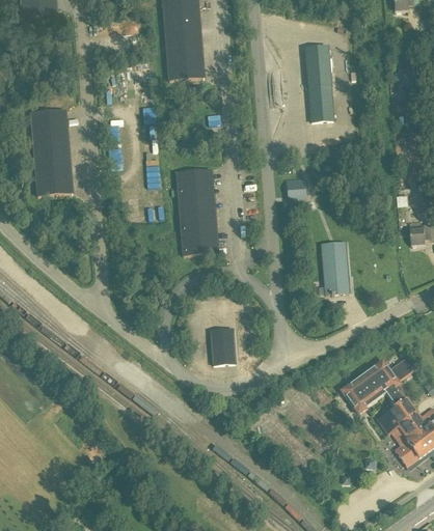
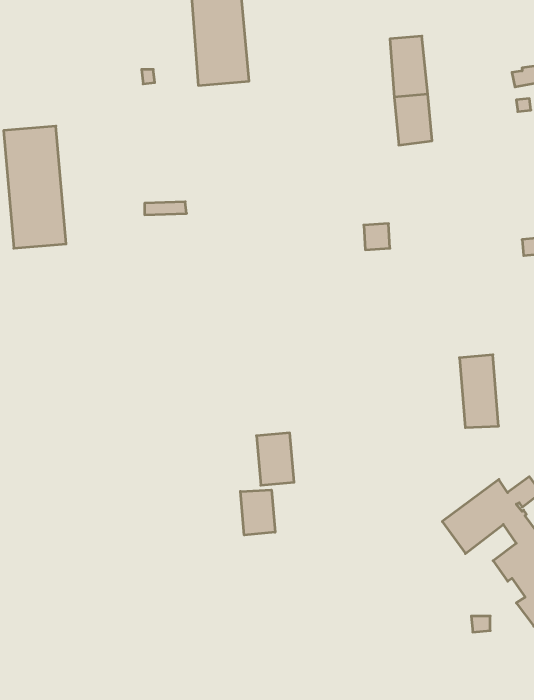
building: [174,168,218,254] -> none
building: [320,241,348,292] -> [459,355,499,428]
building: none -> [240,490,275,535]

